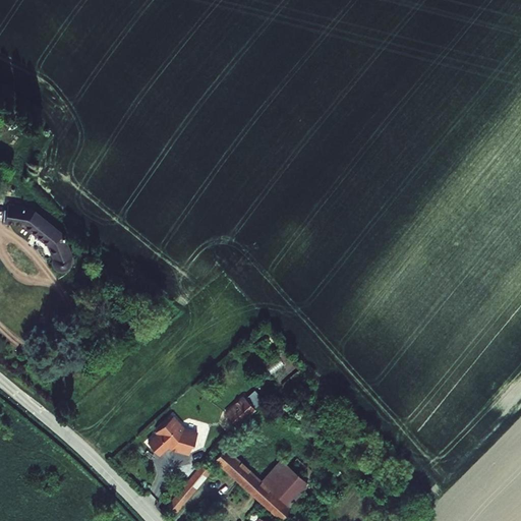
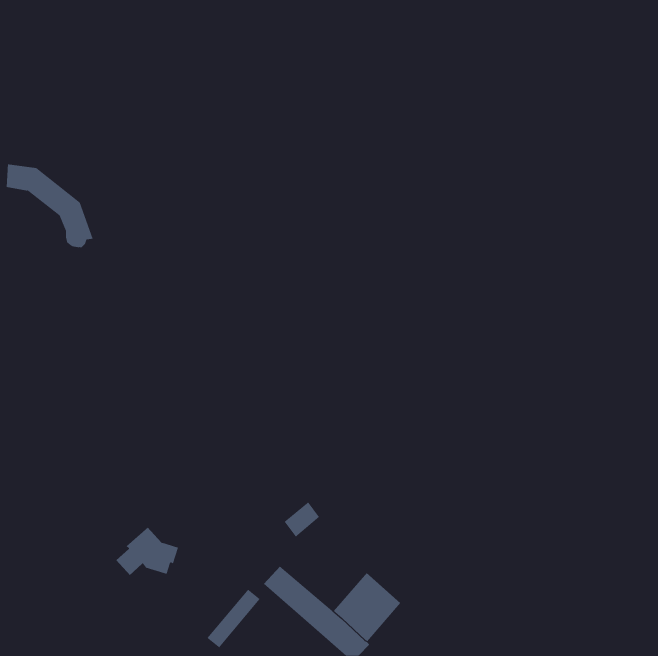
building: [6,205,75,271] -> [6,164,94,248]
building: [147,416,196,455] -> [115,527,179,576]

